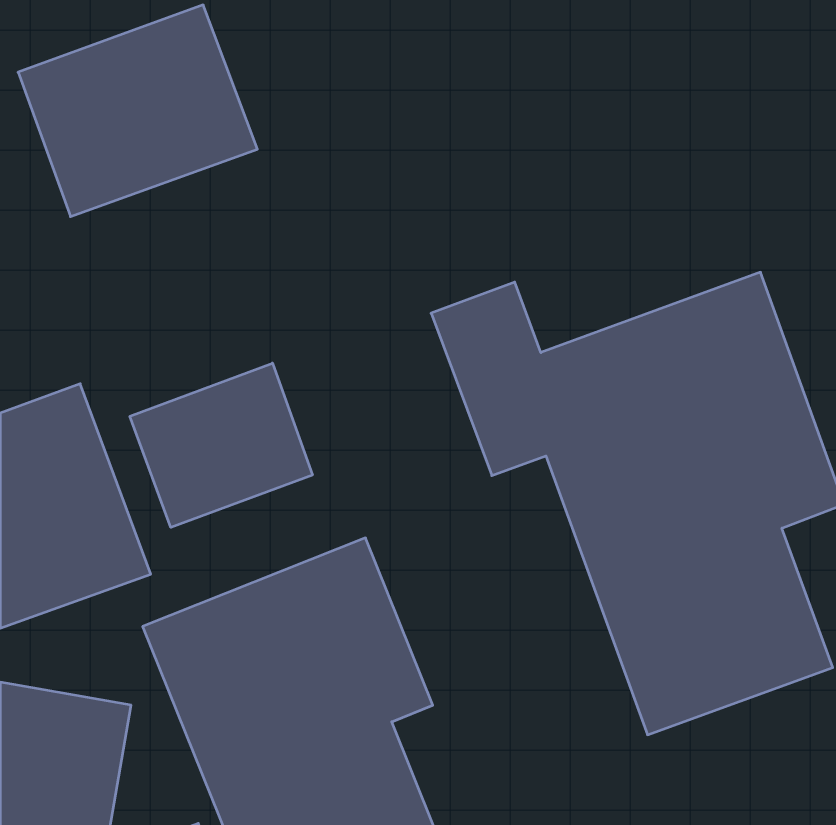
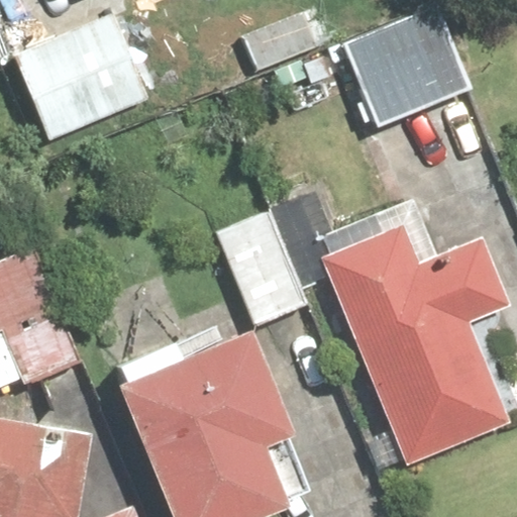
building: none -> [343,14,476,129]
building: none -> [215,211,302,323]
building: [130,363,312,527] -> none

